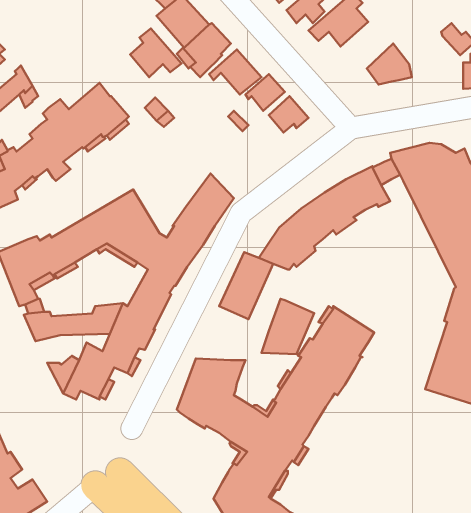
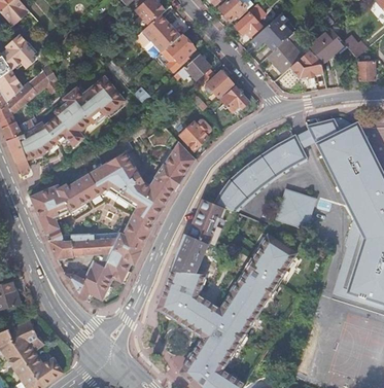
building: none -> [308,27,344,62]
building: none -> [267,31,300,71]
building: [130,29,181,77] -> none
building: none -> [179,117,211,149]
building: none -> [275,189,314,227]
building: [262,299,314,354] -> [170,233,207,272]

